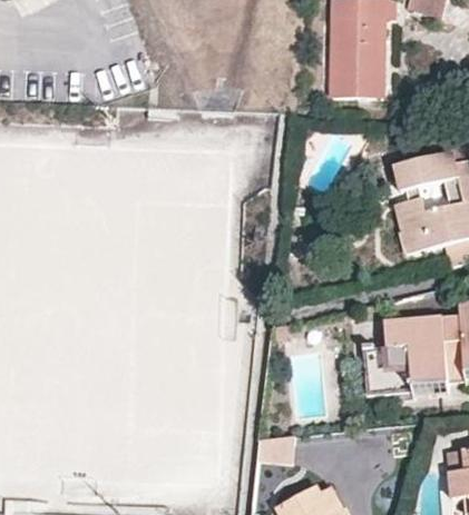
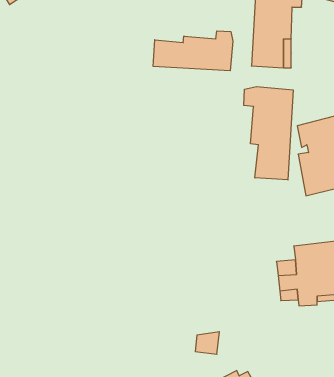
building: none -> [153,31,233,71]
building: none -> [244,87,293,180]

